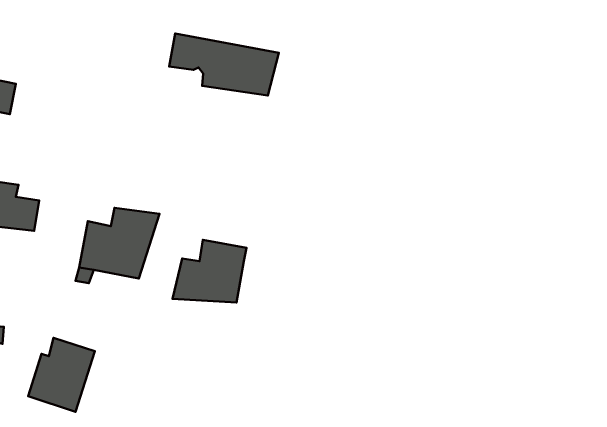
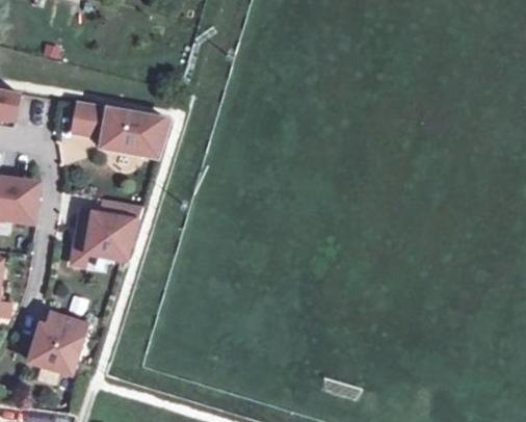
building: [169,34,279,96] -> [75,104,168,157]
building: [173,240,246,303] -> none

